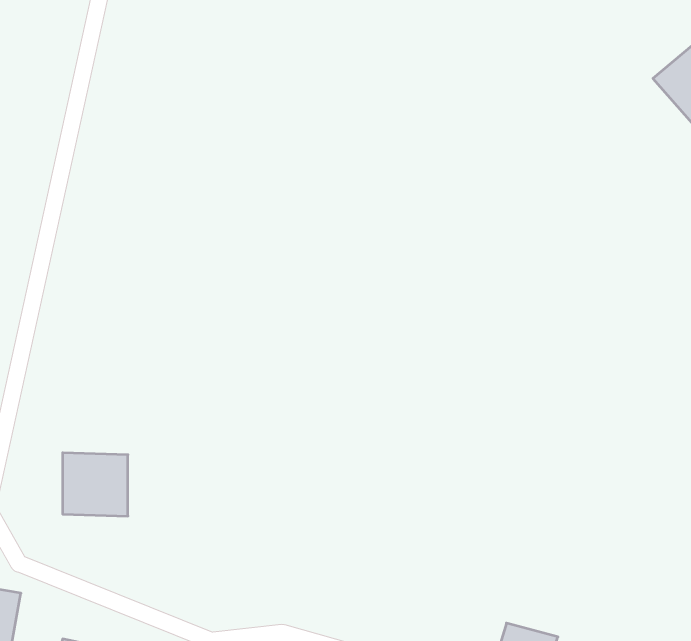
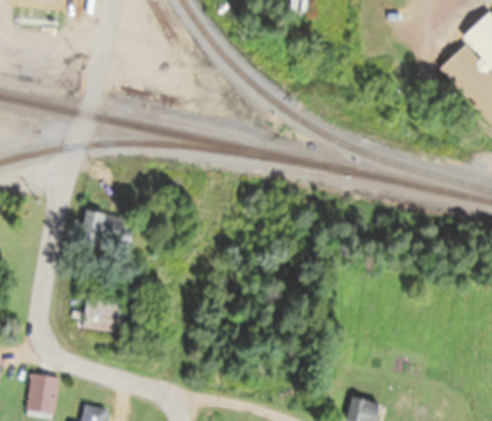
building: none -> [78,208,122,246]

